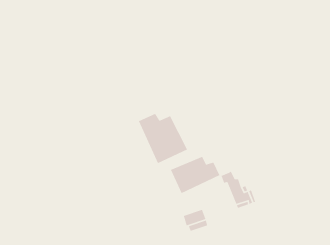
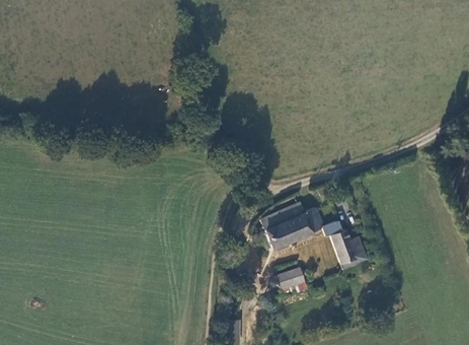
building: [138,113,188,164] -> none

